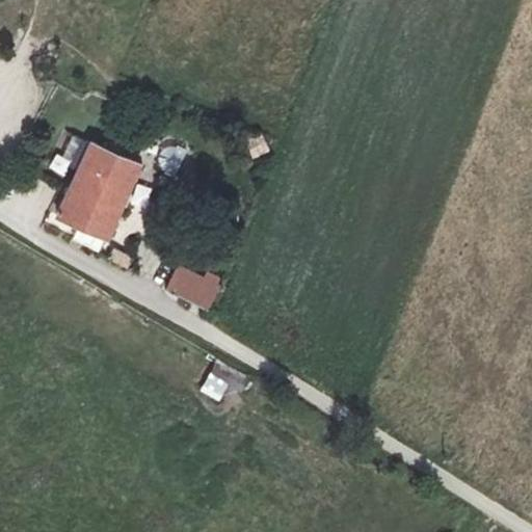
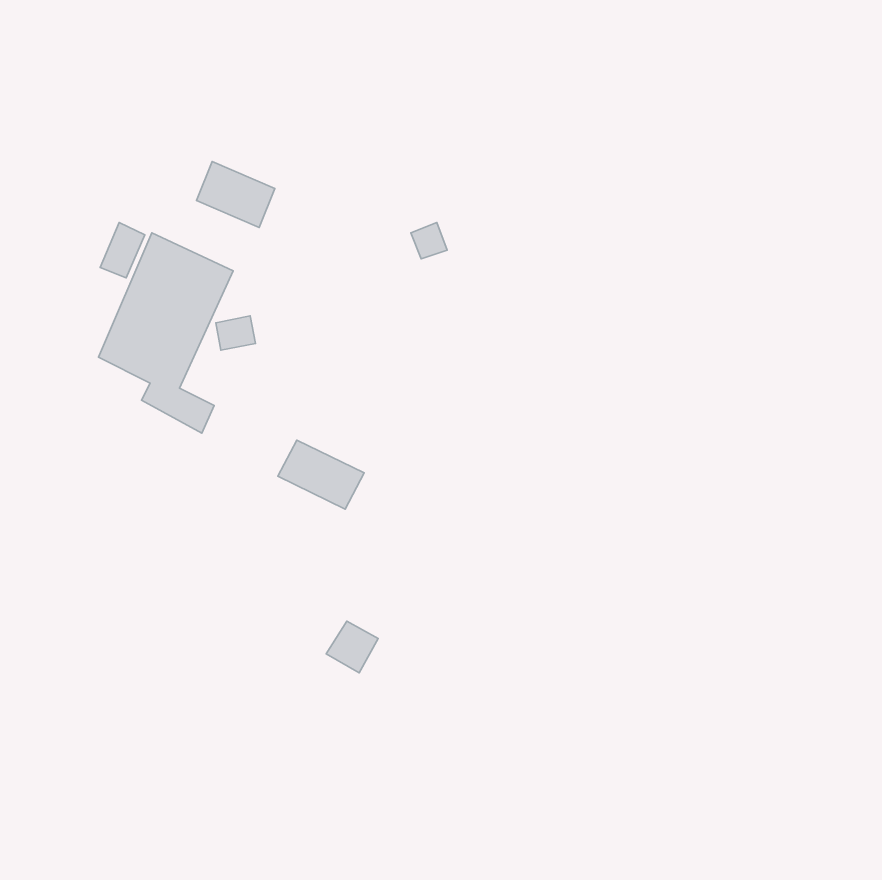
building: none -> [197,162,275,228]

